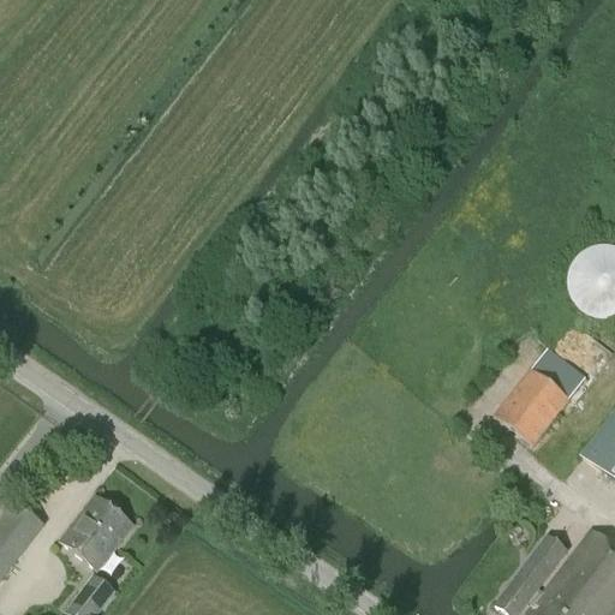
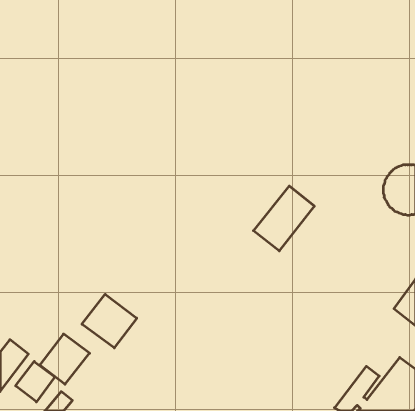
building: [494,348,584,444] -> [253,186,314,251]
building: none -> [82,294,137,348]
building: none -> [16,361,55,402]

